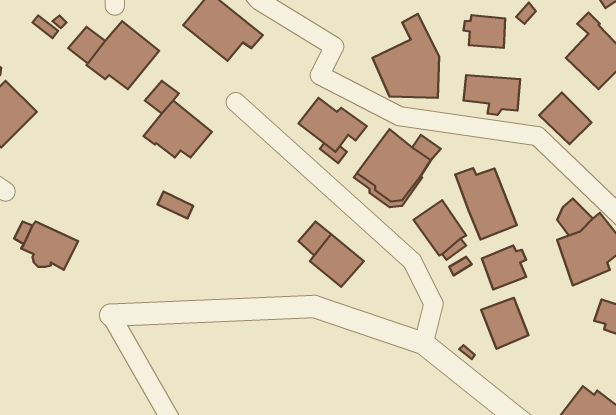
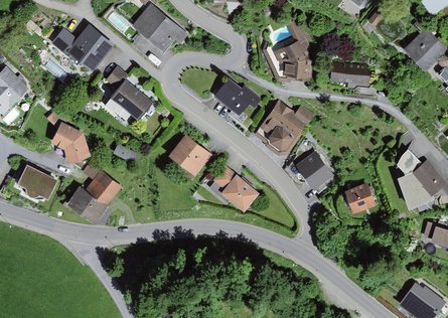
building: [464,15,505,48] -> none
building: [539,92,591,144] -> none
building: none -> [46,109,91,164]
building: [455,168,517,240] -> none
building: none -> [168,134,210,175]
building: none -> [61,162,122,224]
building: [481,298,528,349] -> none

